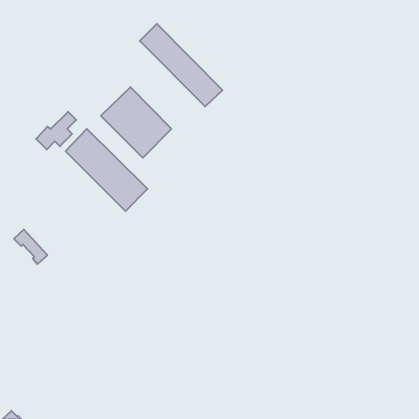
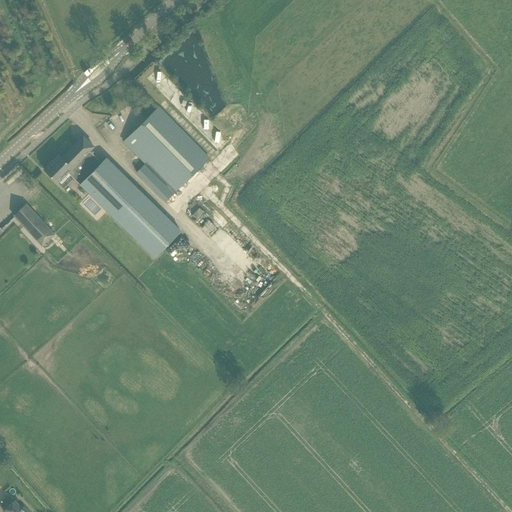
building: [140,24,222,107] -> none
building: [14,230,47,264] -> [13,203,54,245]

